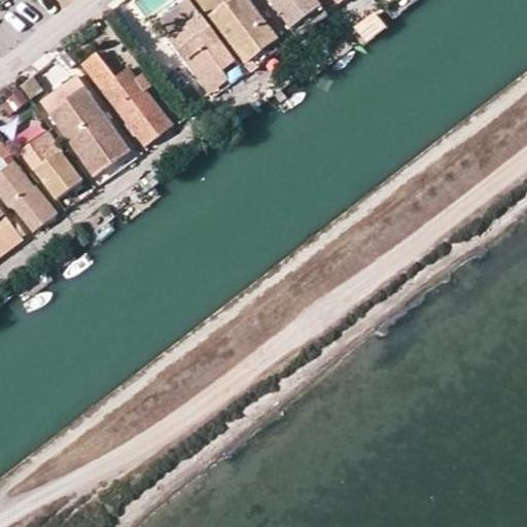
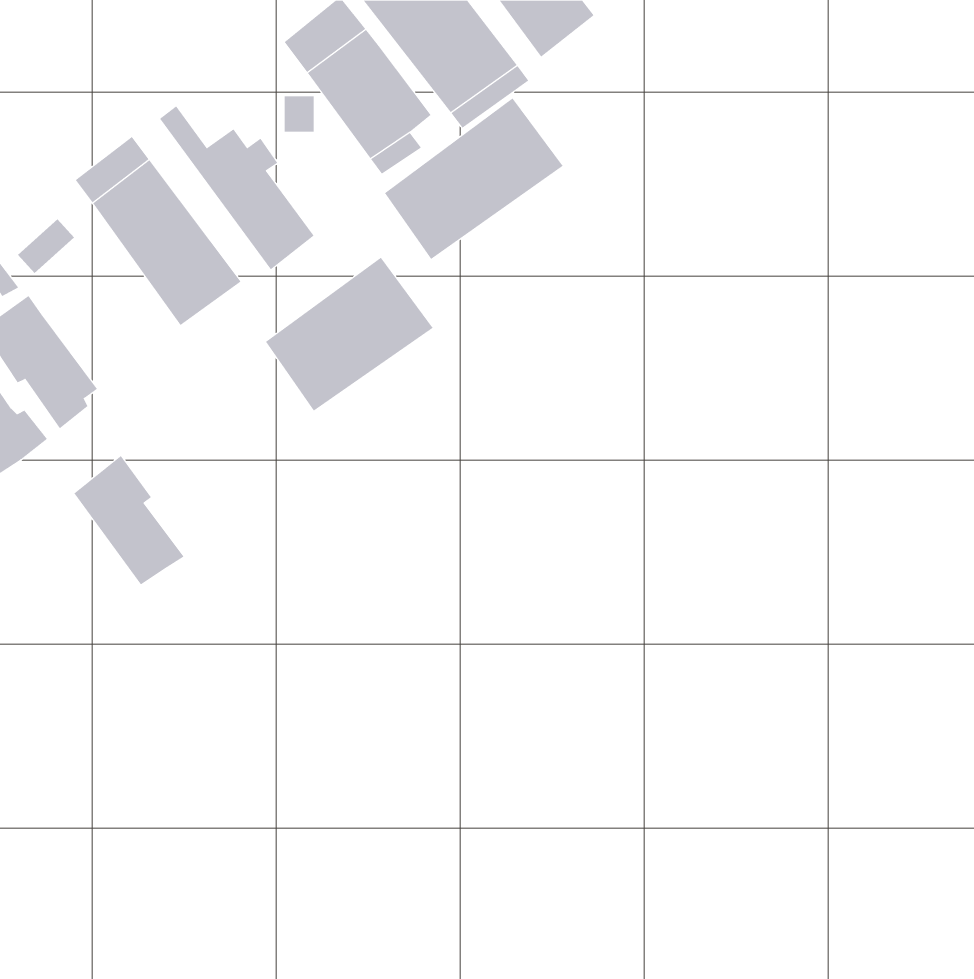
building: none -> [384,98,564,260]
building: [21,129,80,199] -> [73,455,185,585]
building: none -> [265,257,433,411]

